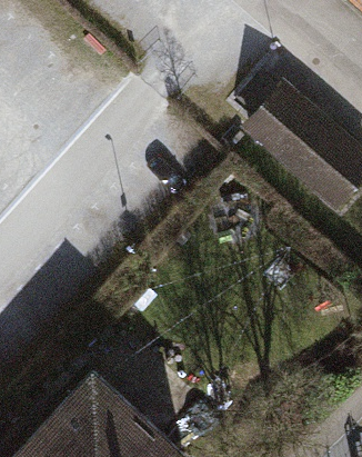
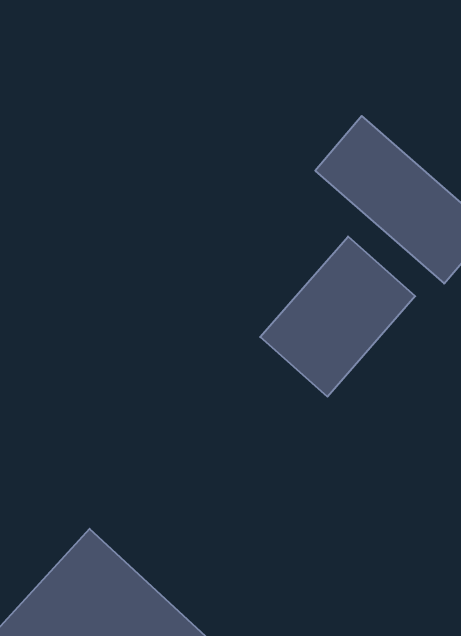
building: none -> [260,236,415,397]

